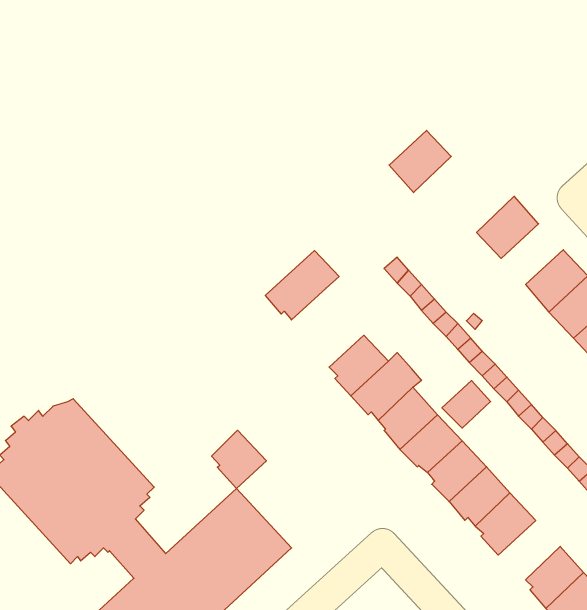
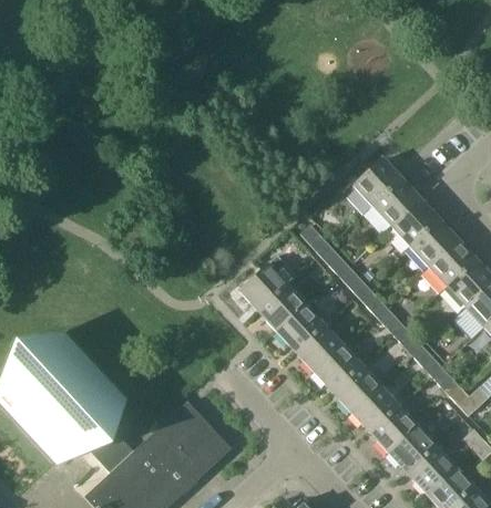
building: [389,130,451,193] -> [354,158,401,206]
building: none -> [391,199,439,246]
building: [265,251,339,320] -> [239,256,296,309]
building: [442,381,491,428] -> none
building: [212,430,266,489] -> none
building: none -> [389,426,437,471]

